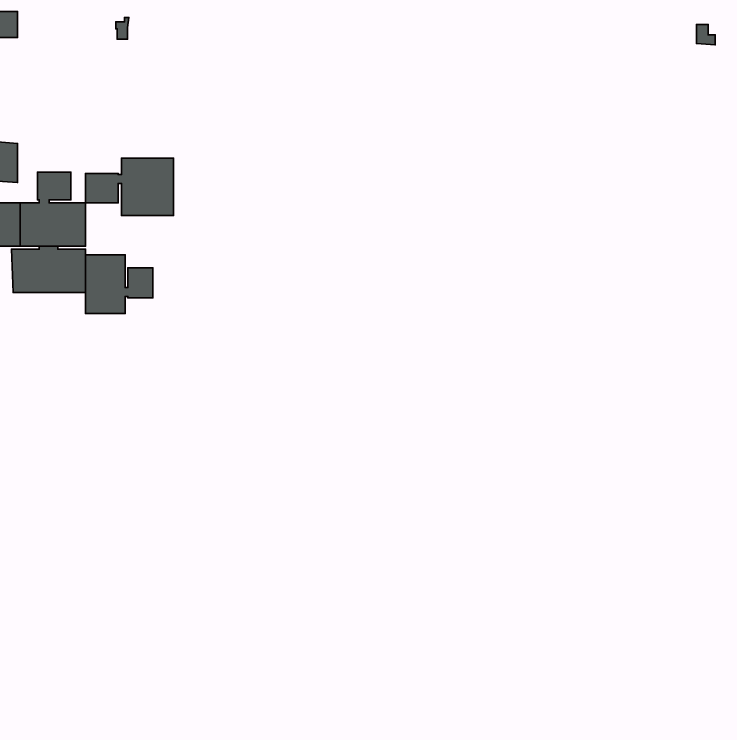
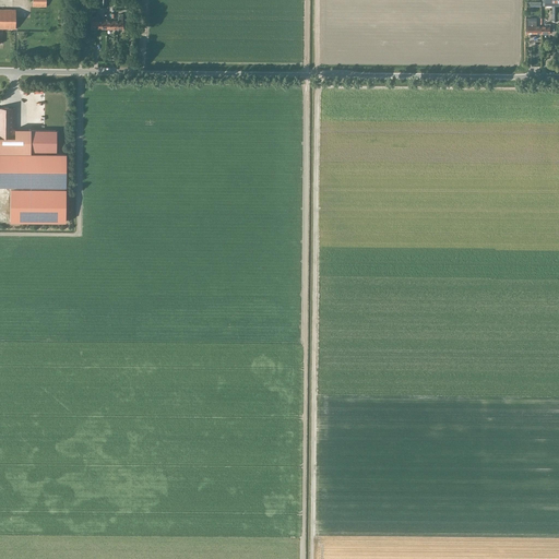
building: [85,158,173,216] -> none
building: [85,255,153,314] -> none

